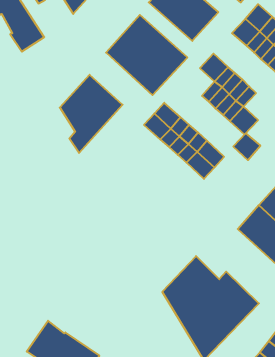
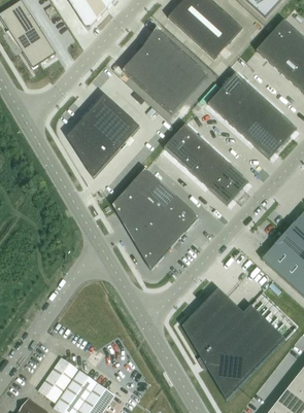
building: none -> [208,87,237,116]
building: [233,133,260,160] -> [268,113,297,142]
building: none -> [111,168,199,270]

